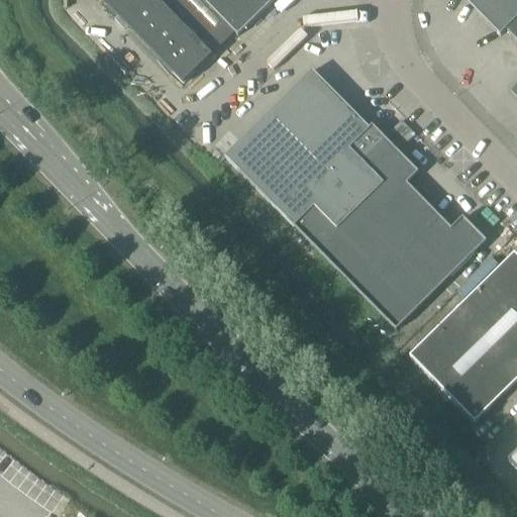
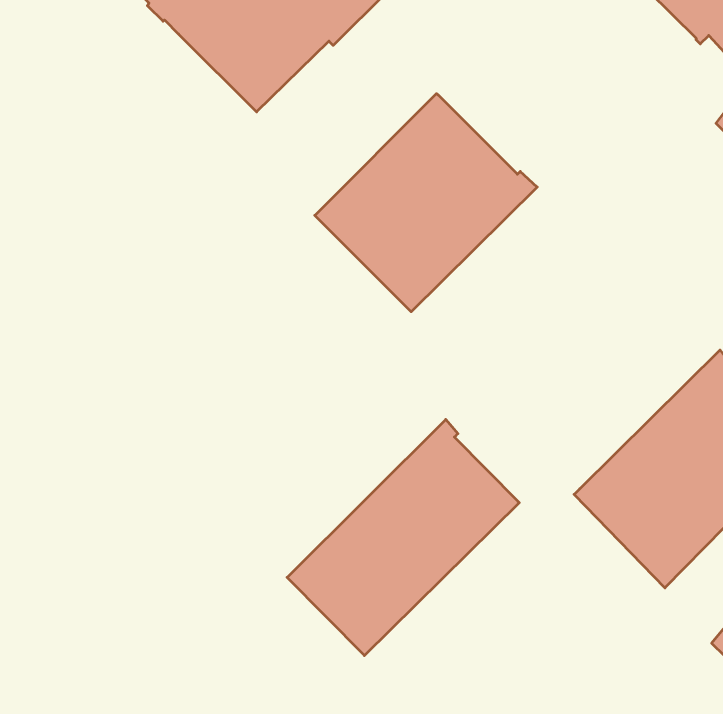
building: [294,133,486,325] -> none
building: none -> [287,419,519,656]

